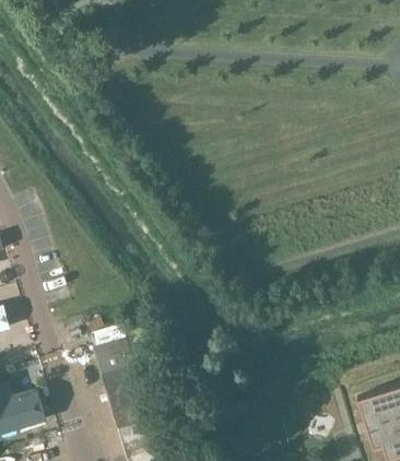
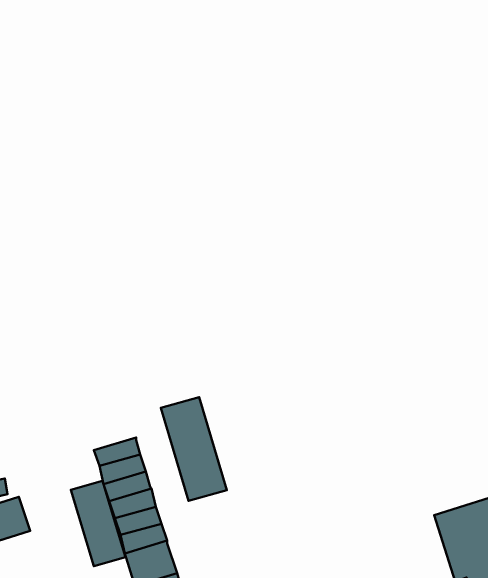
building: none -> [161,397,227,501]
building: none -> [71,481,126,566]

